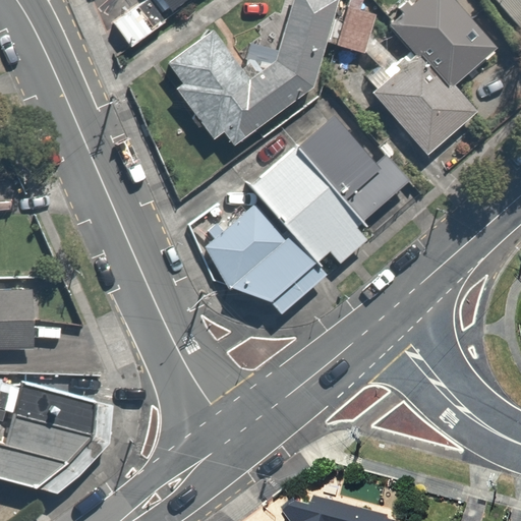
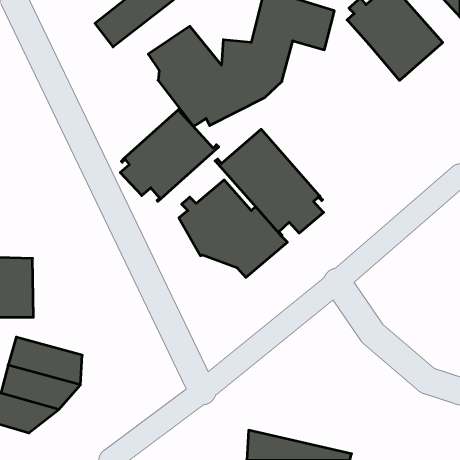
building: [372,50,482,161] -> none
building: [294,114,407,221] -> none
building: none -> [120,110,219,201]

